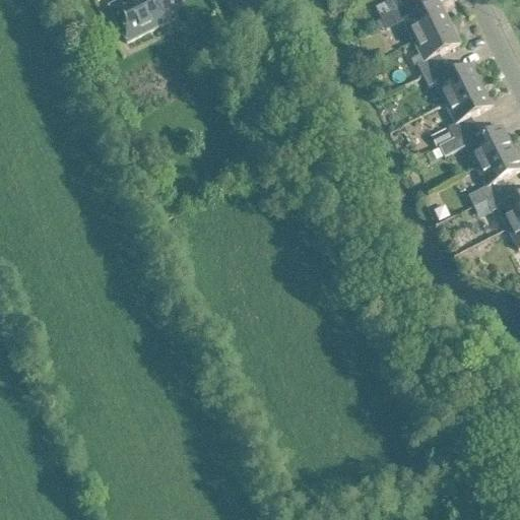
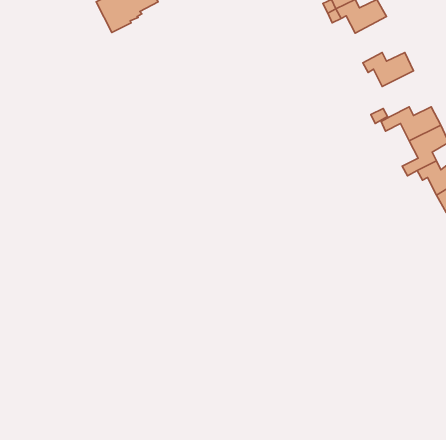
building: [413,19,461,73] -> none
building: [445,82,493,135] -> none

